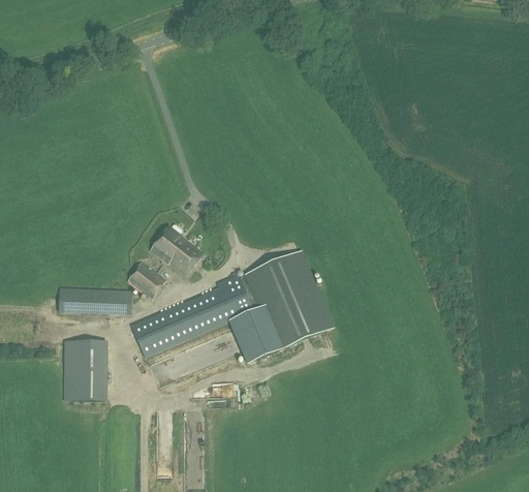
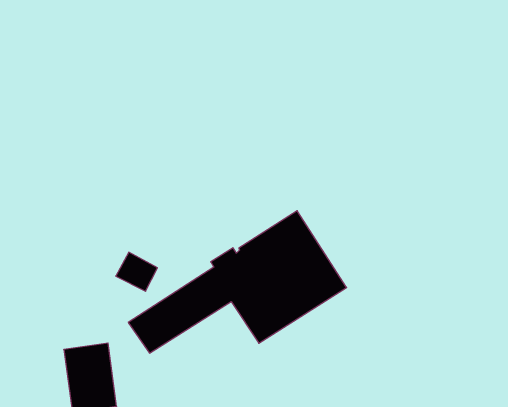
building: [149,224,203,276] -> none
building: [58,287,133,319] -> none

